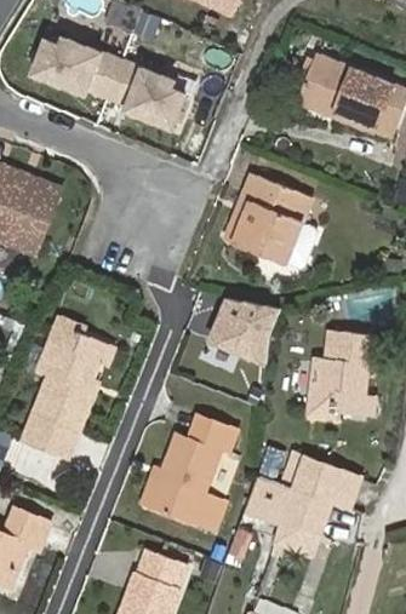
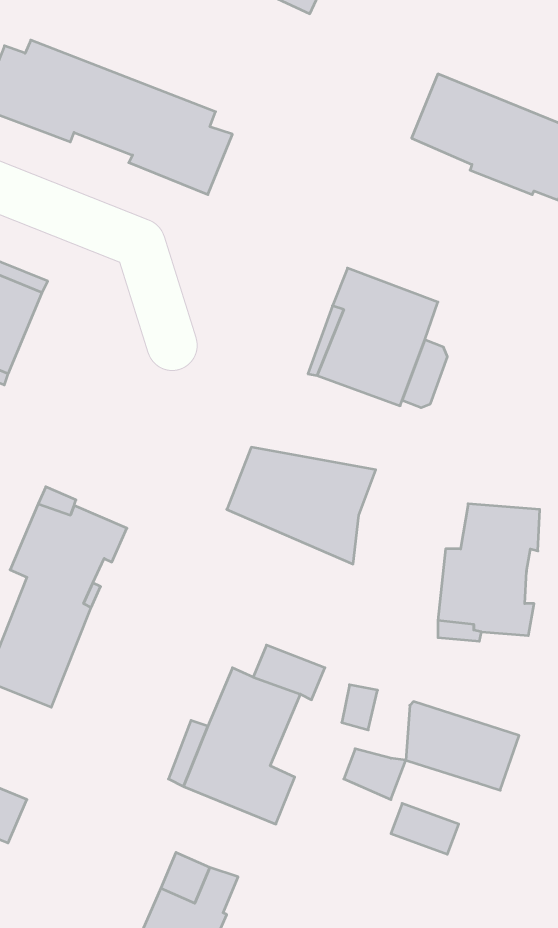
building: [281,493,337,534] -> none

